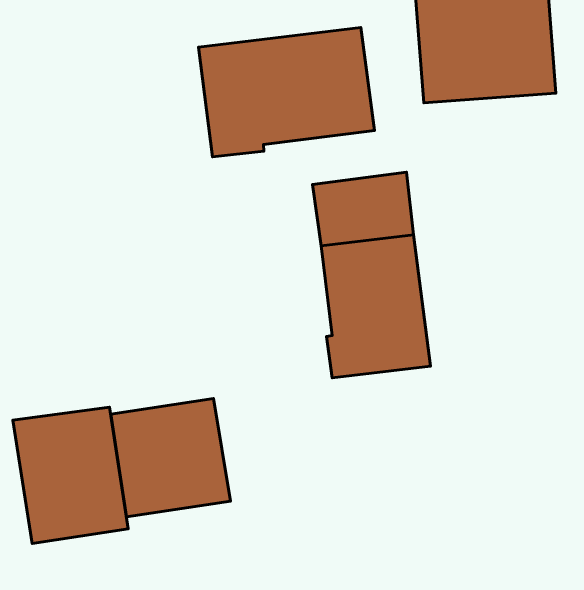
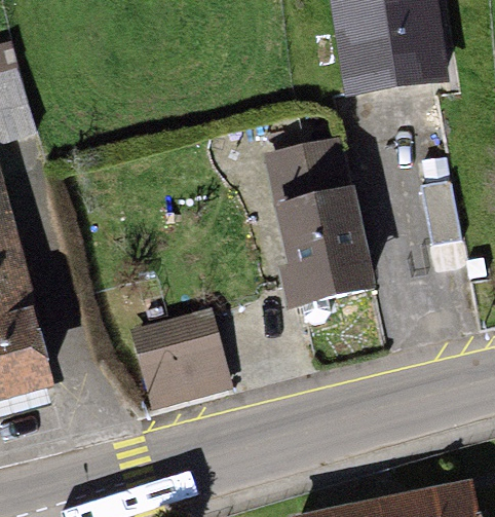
building: [198,27,375,157] -> none
building: [13,407,128,544] -> none

